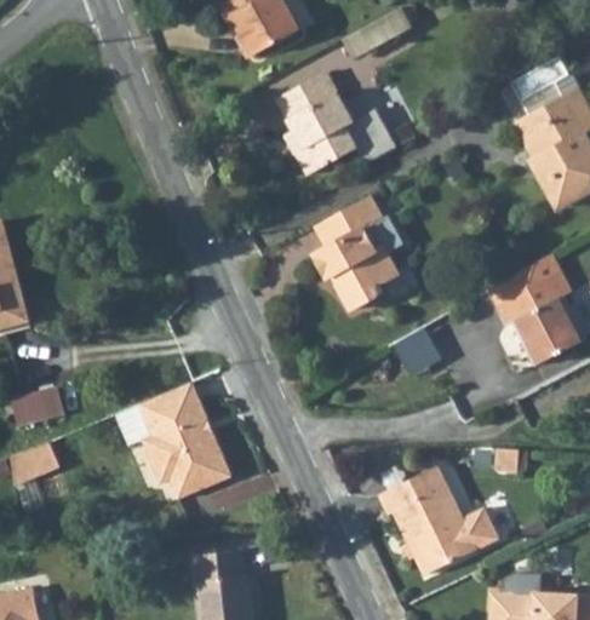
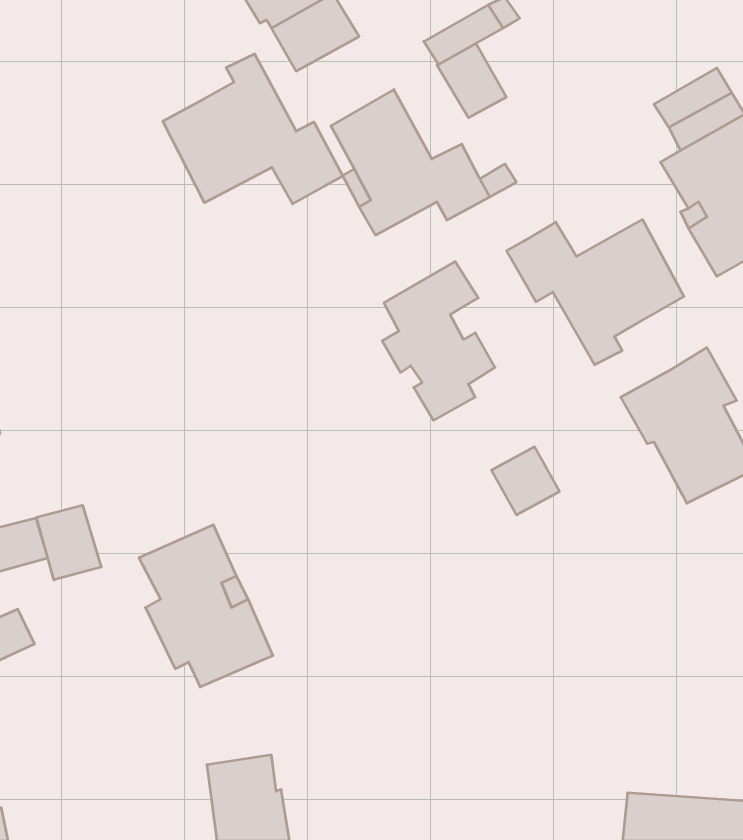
building: none -> [437,43,506,118]
building: none -> [163,54,343,204]
building: none -> [507,220,684,365]
building: none -> [37,505,101,580]
building: [382,459,500,567] -> none

